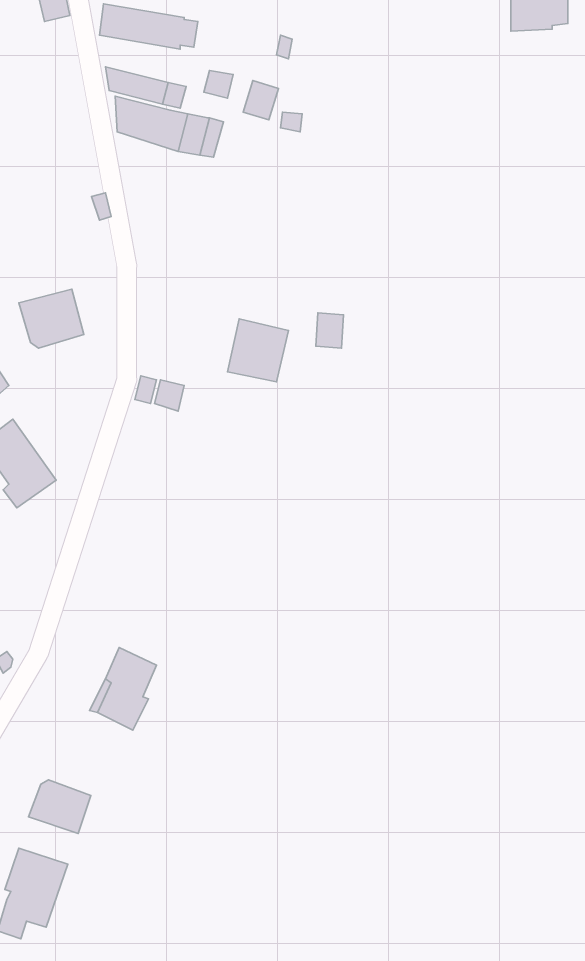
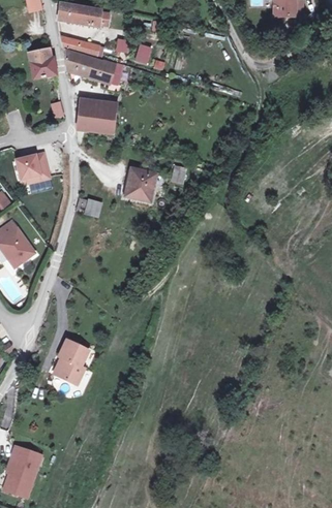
building: none -> [29,49,57,77]
building: none -> [78,102,117,140]
building: [28,780,91,834] -> none

